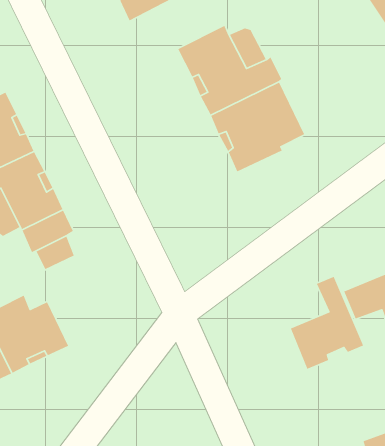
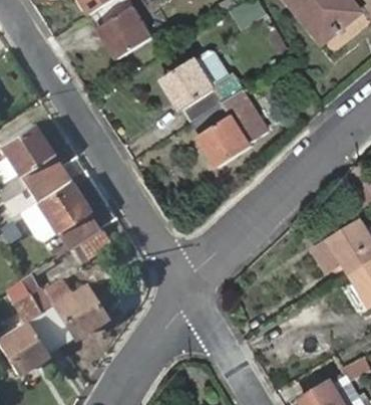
building: [290,276,364,370] -> none

